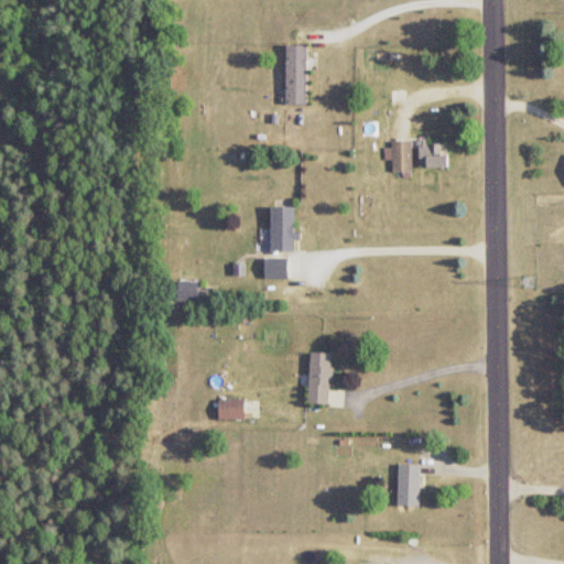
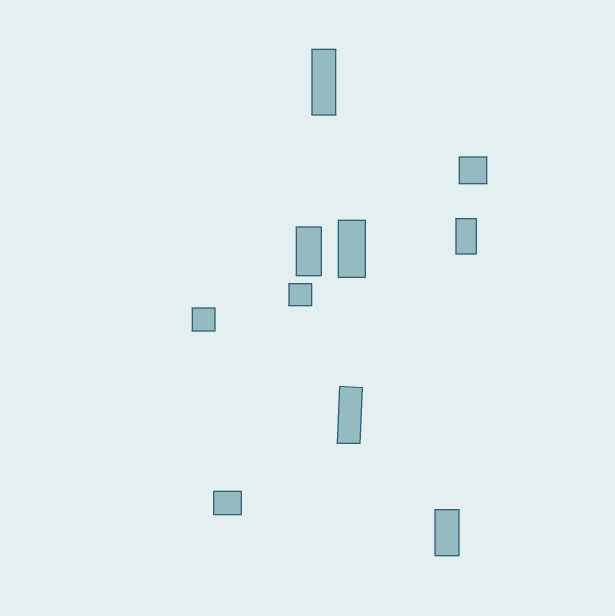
building: [391,141,410,173] -> [456,219,476,254]
building: none -> [338,220,365,278]
building: [217,399,242,420] -> [214,491,241,514]

